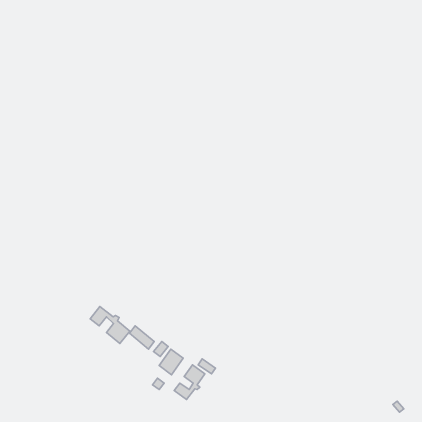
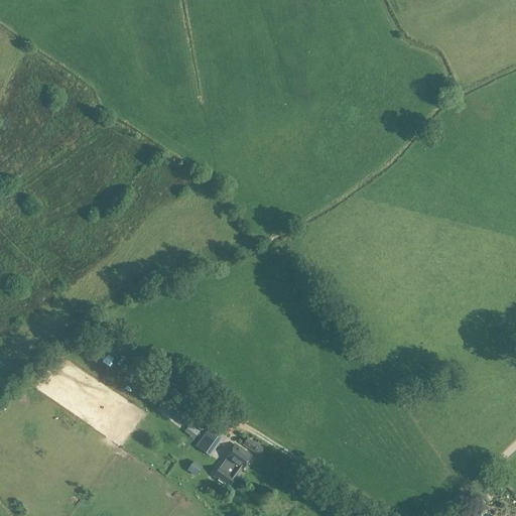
building: [90,307,130,344] -> none

